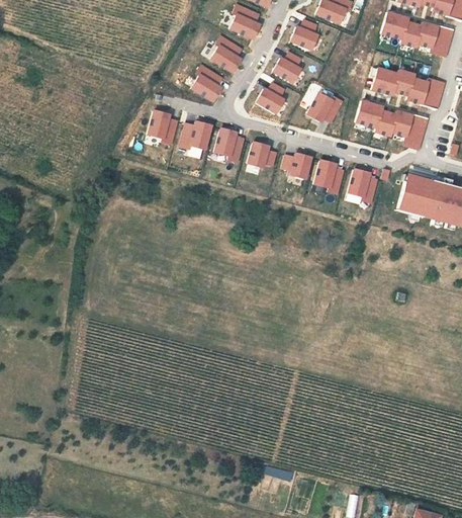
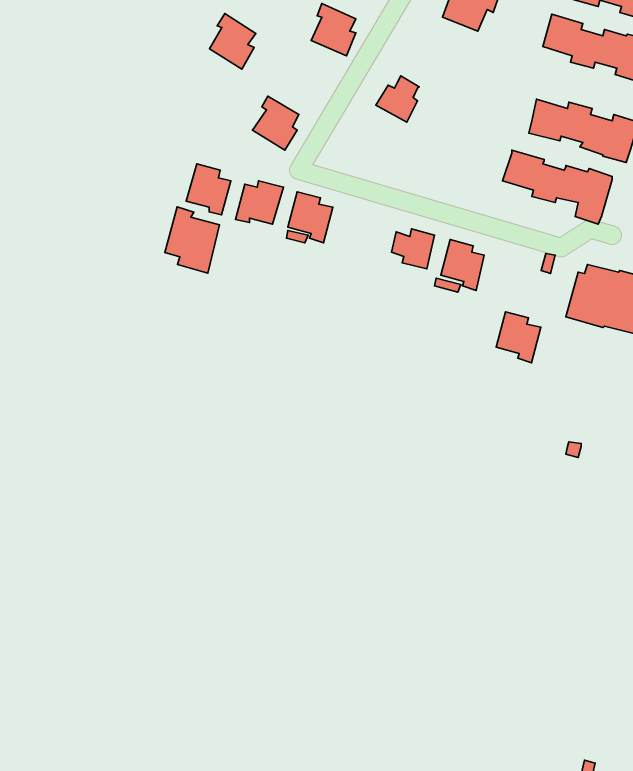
building: [291,19,317,49] -> none
building: [212,35,243,72] -> [209,13,256,69]
building: [257,82,284,112] -> none
building: [307,92,343,121] -> none
building: none -> [165,207,220,273]
building: [248,141,277,167] -> none
building: [349,168,378,201] -> [496,312,541,363]

